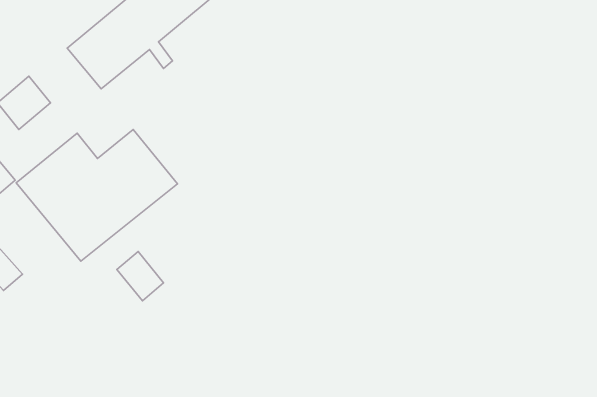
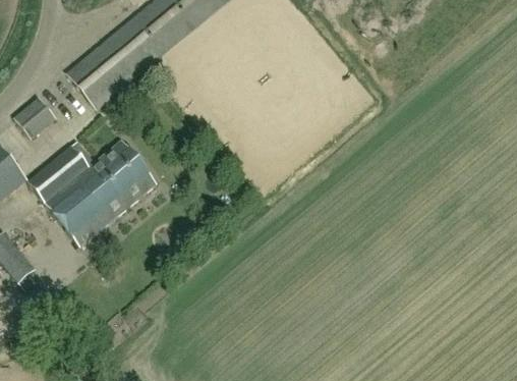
building: [117,252,164,301] -> none

